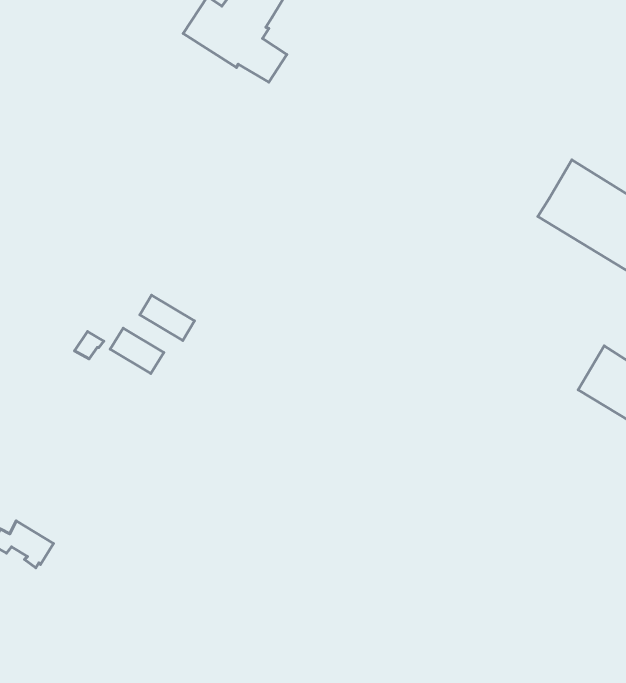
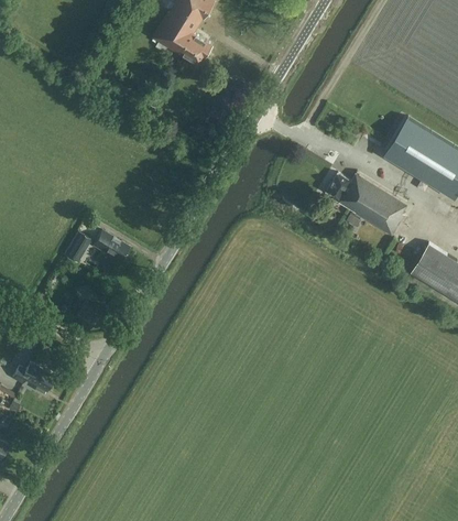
building: none -> [326,172,407,236]
building: [140,295,194,341] -> none

